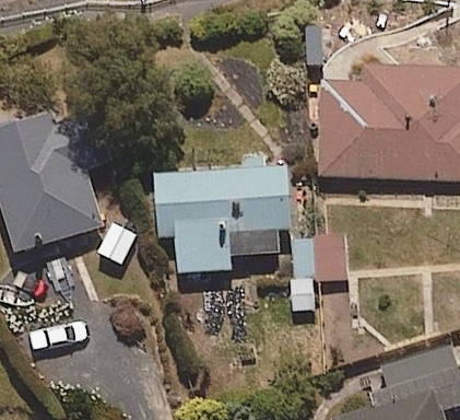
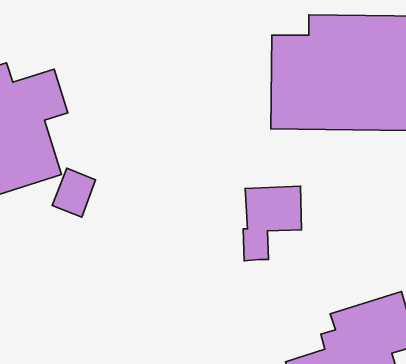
building: [154,154,290,272] -> none

